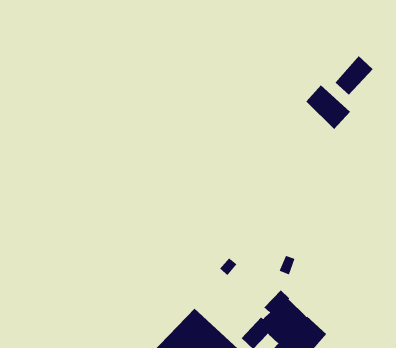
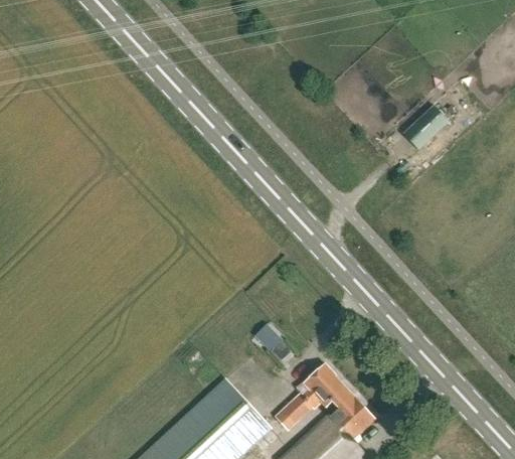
building: [305,85,351,130] -> none

